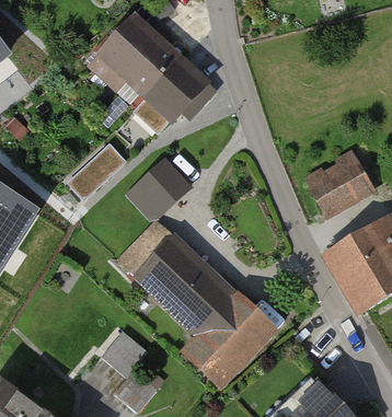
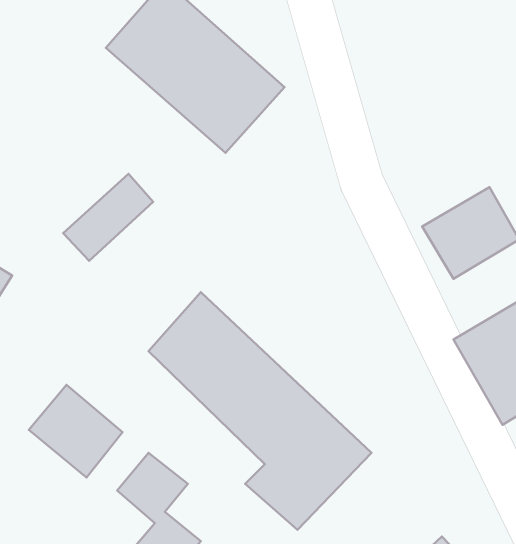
building: [131,159,191,218] -> none
building: none -> [29,385,123,477]

